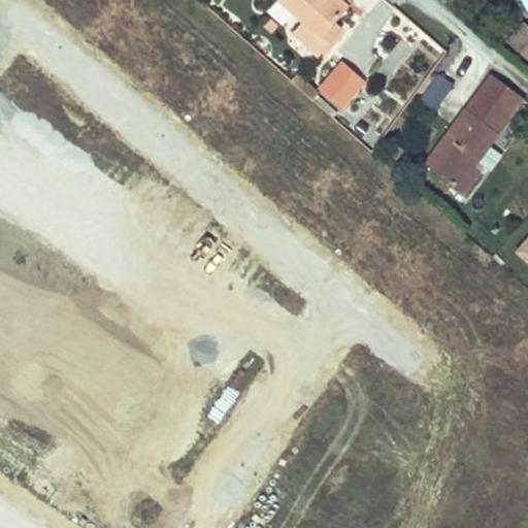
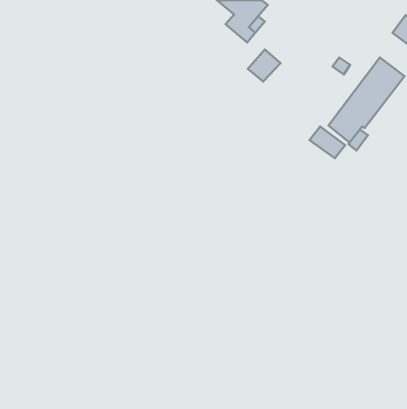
building: none -> [309,126,345,158]

